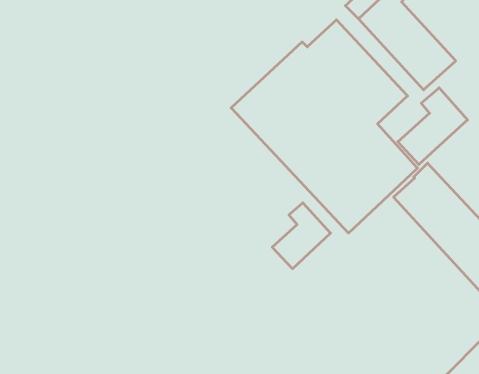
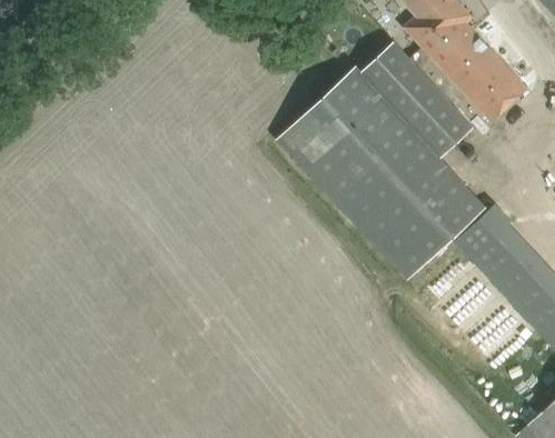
building: [398,88,468,165] -> none
building: [272,203,331,269] -> none

